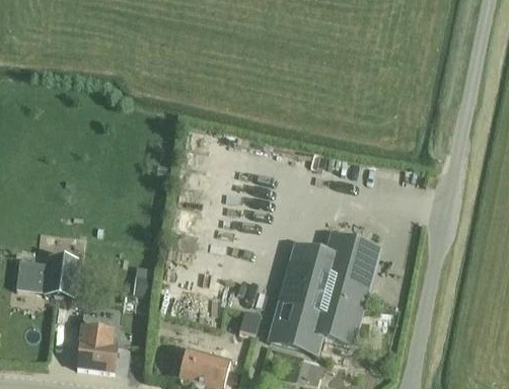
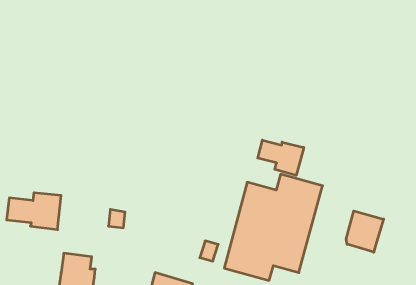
building: none -> [258,140,304,175]
building: none -> [346,211,384,252]

